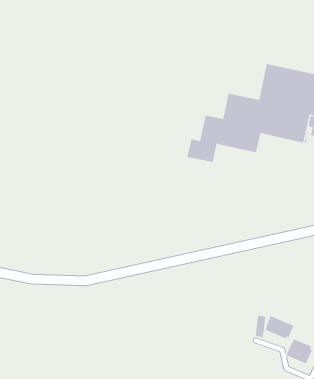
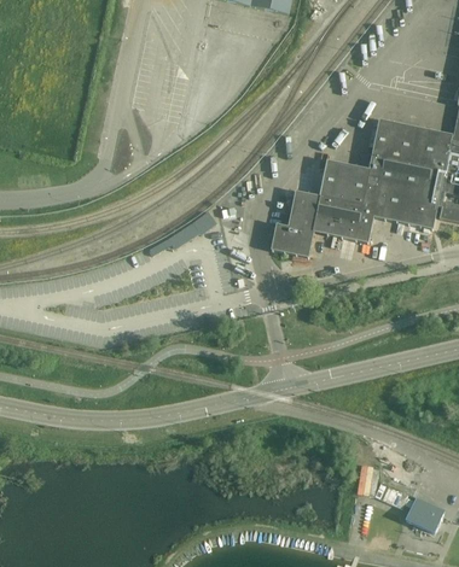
building: [265,315,294,339] -> none

